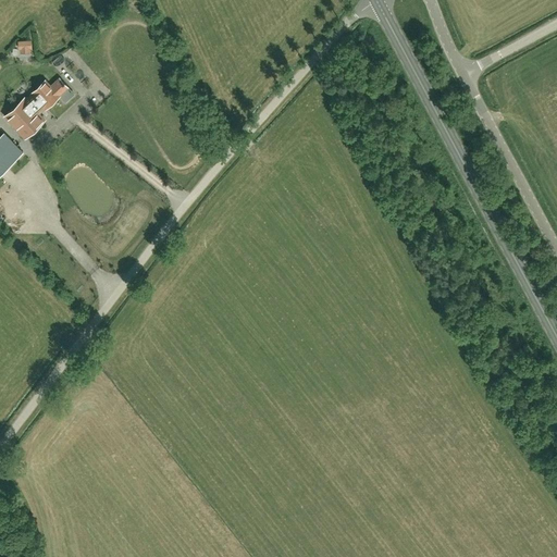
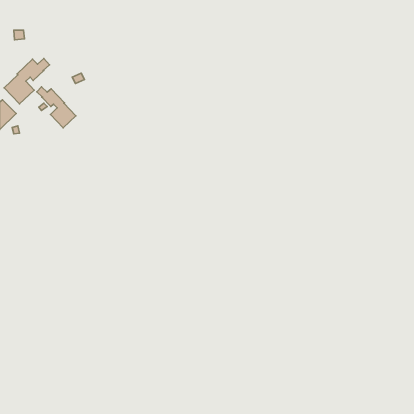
building: none -> [37,87,76,128]

